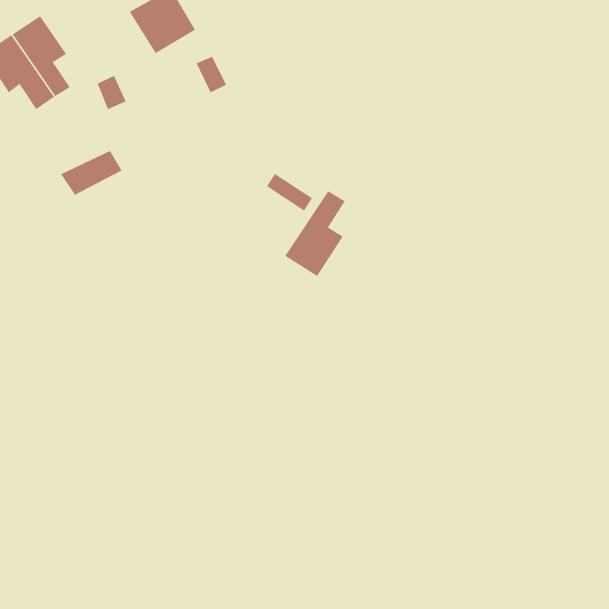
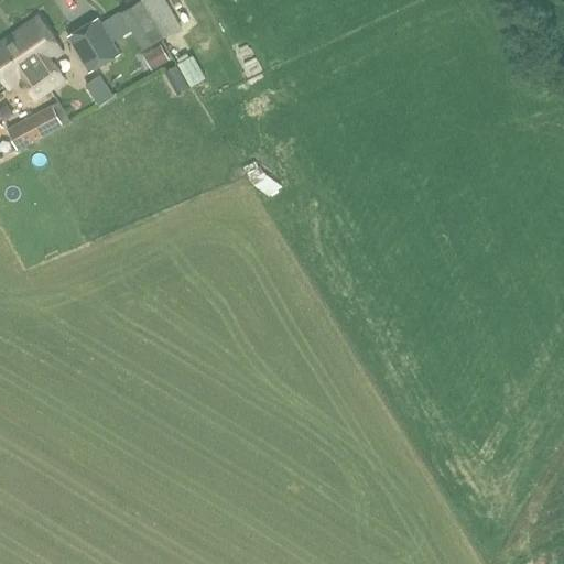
building: none -> [67,17,119,70]
building: [60,150,122,196] -> [4,106,62,148]
building: [285,190,346,277] -> none

